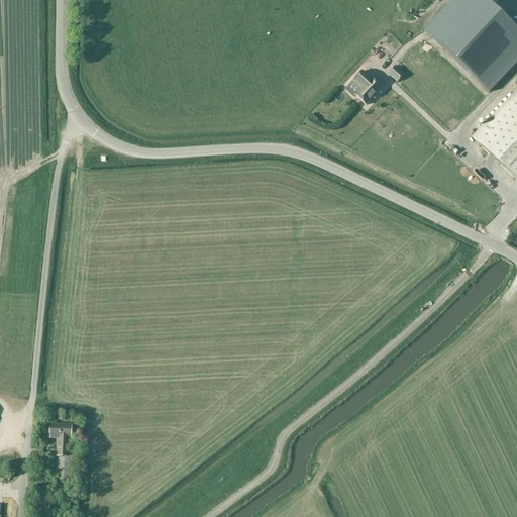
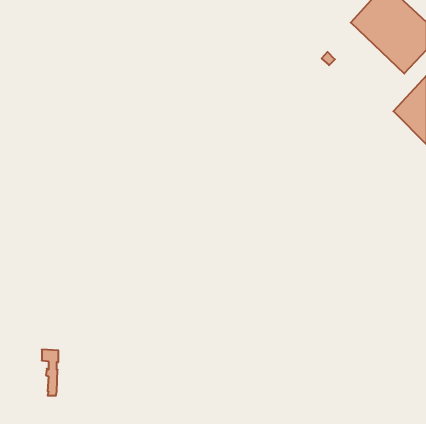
building: [353,67,384,102] -> none

